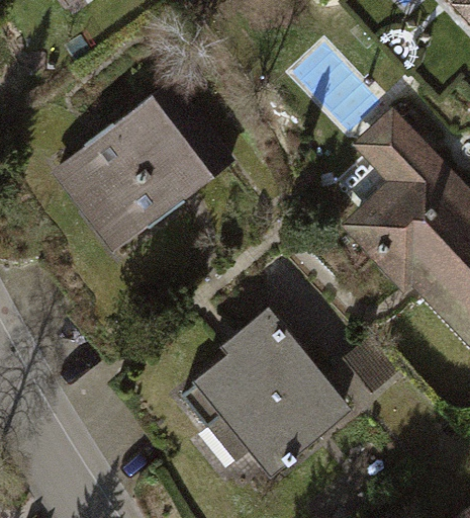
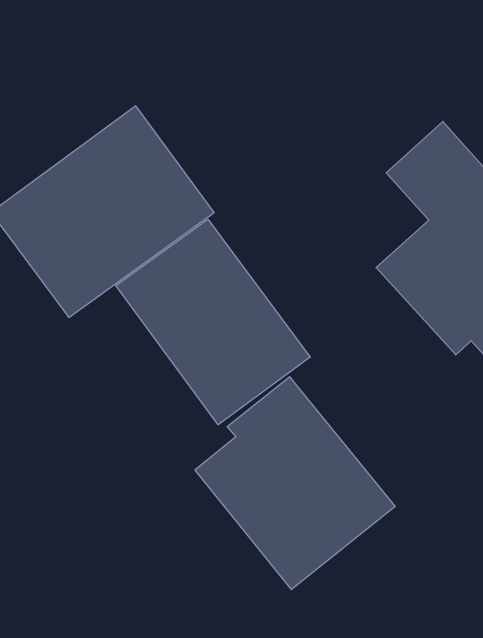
building: none -> [116,219,310,425]

